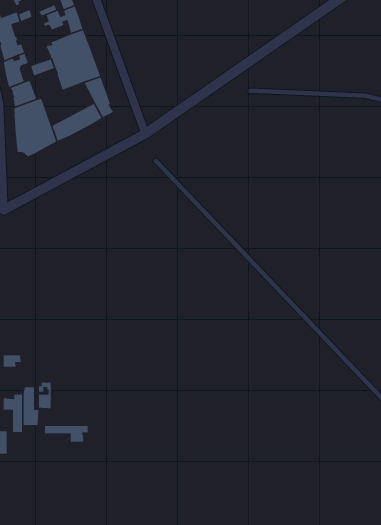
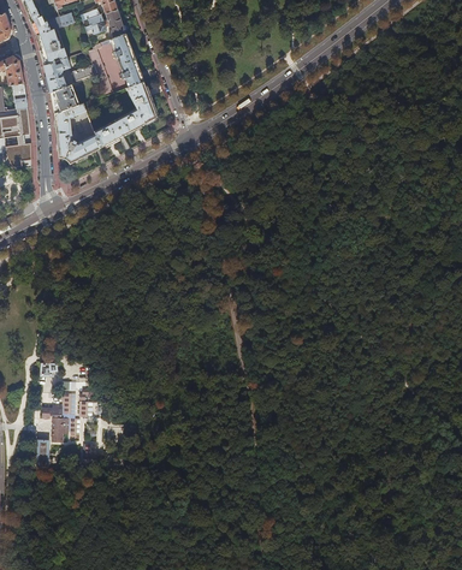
building: [44,425,88,442] -> none

